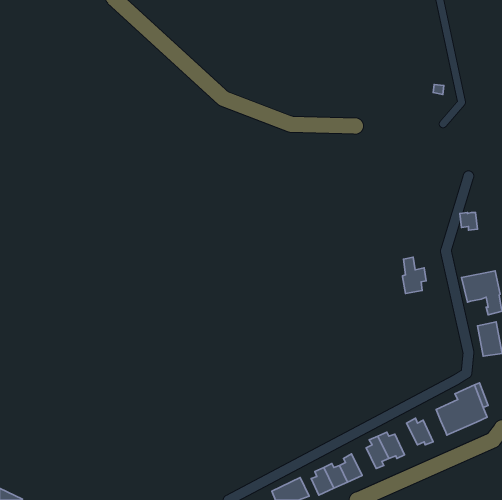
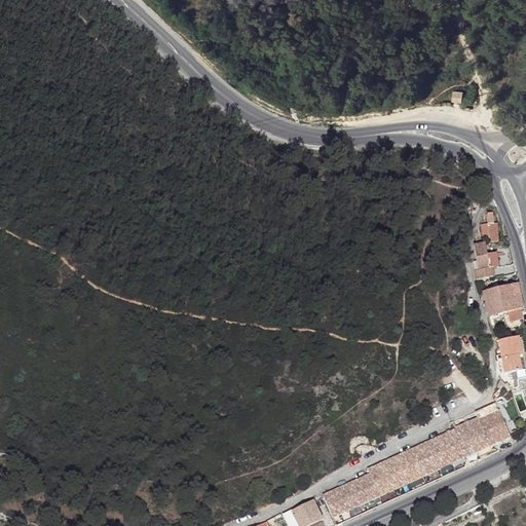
building: [402,257,426,294] -> [473,240,497,278]
building: none -> [442,427,465,461]
building: none -> [412,442,436,475]
building: none -> [365,465,392,496]

